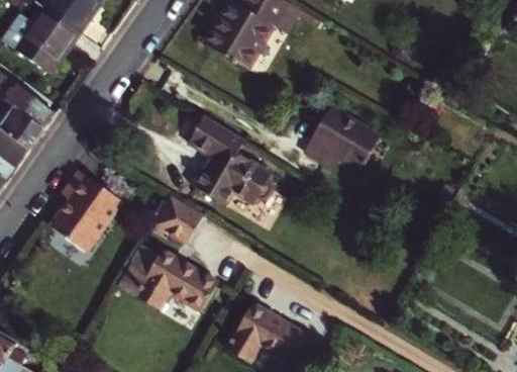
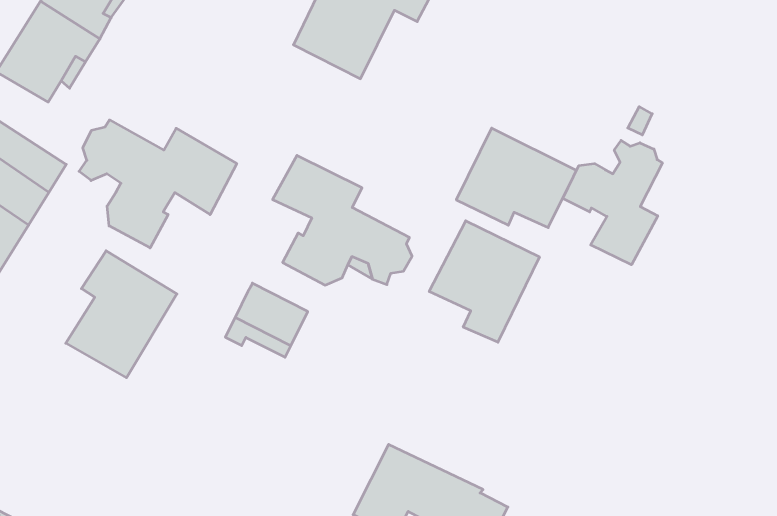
building: none -> [79,120,237,248]
building: none -> [563,140,662,265]
building: none -> [429,221,539,342]
building: [117,243,218,310] -> none

